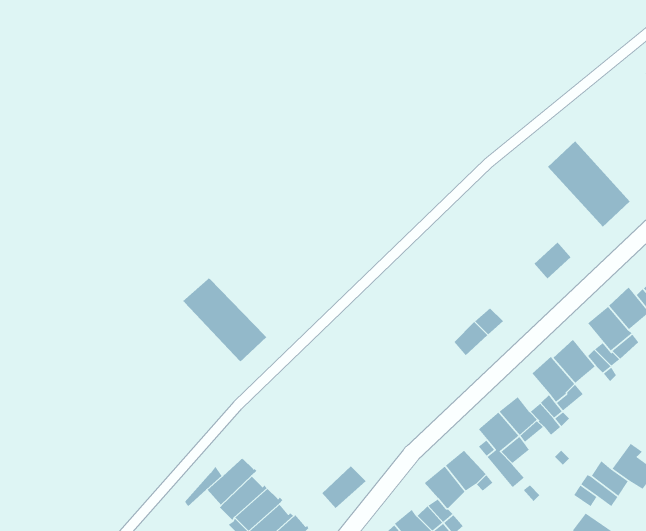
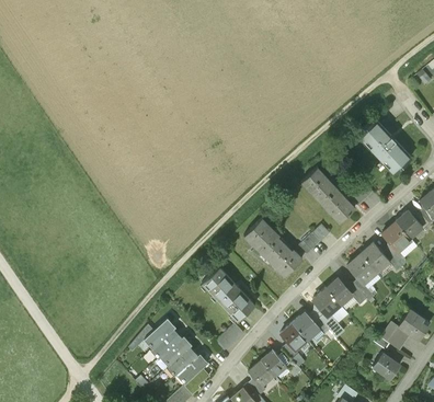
building: none -> [302,166,355,221]
building: [182,276,267,363] -> [201,267,254,322]
building: none -> [243,218,301,276]

